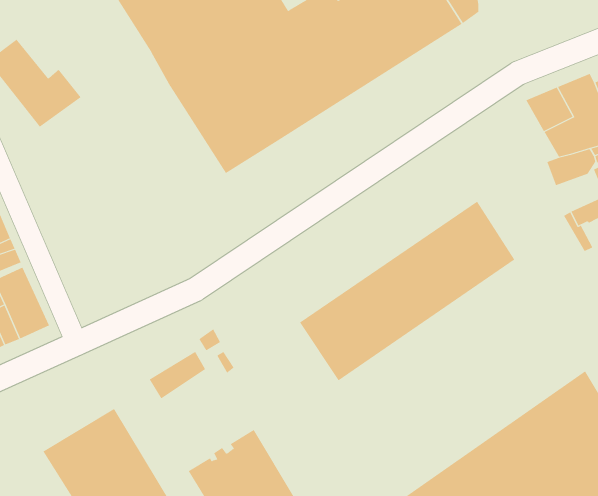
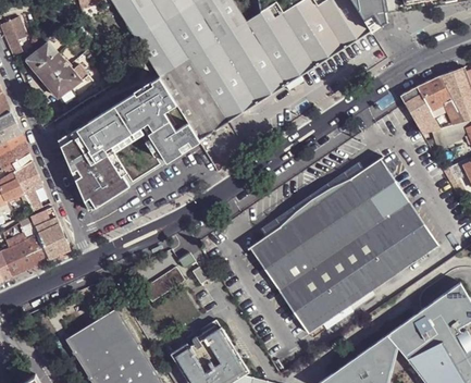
building: none -> [59,76,199,211]
building: none -> [401,86,441,133]
building: none -> [281,201,437,332]

